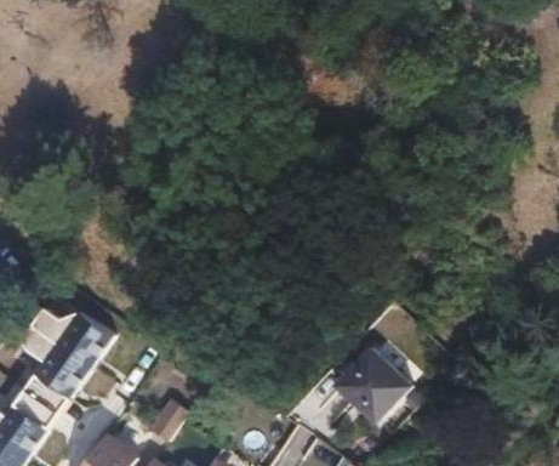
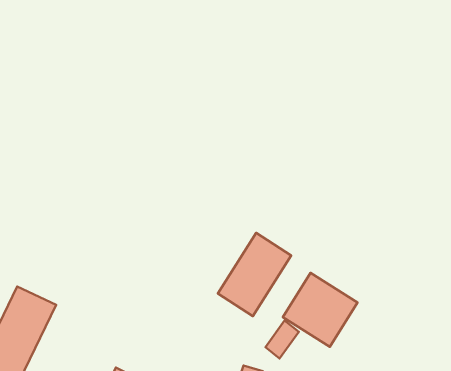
building: none -> [218,233,291,316]

